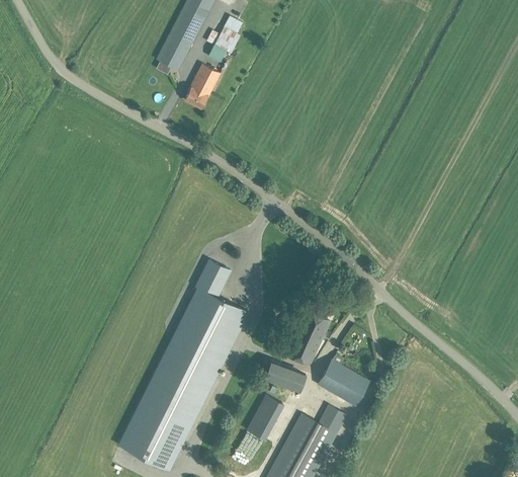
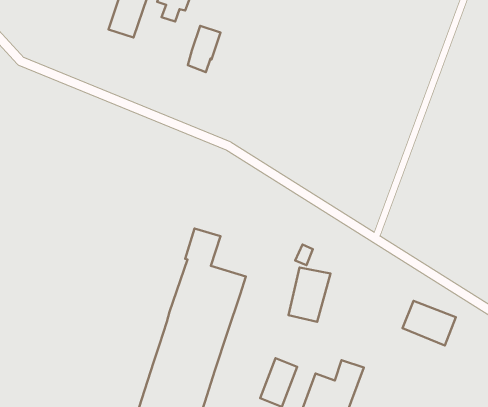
building: [185,64,221,108] -> [188,26,220,72]
building: [318,360,369,406] -> [403,301,456,346]
building: [264,364,307,395] -> none

